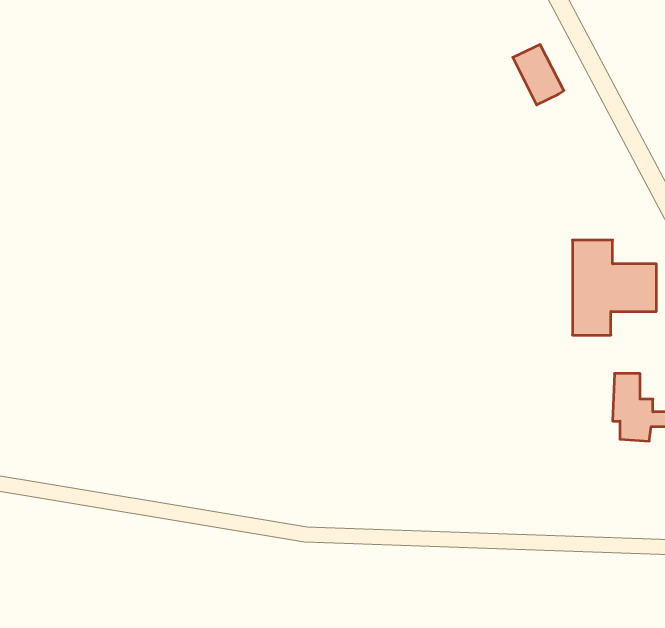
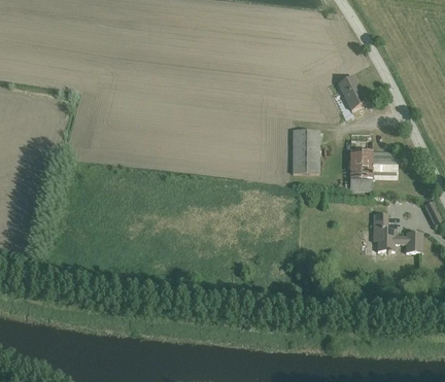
building: [513,45,564,105] -> [337,76,366,110]
building: none -> [292,130,319,173]

